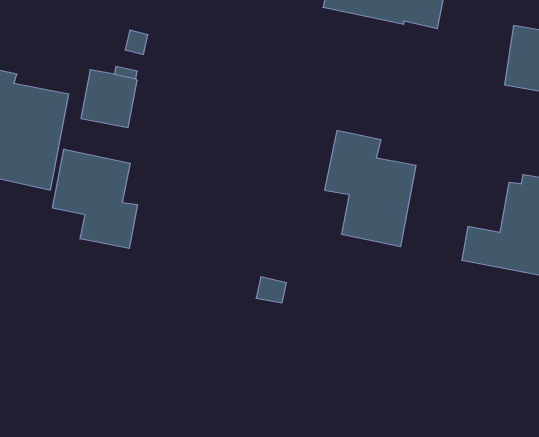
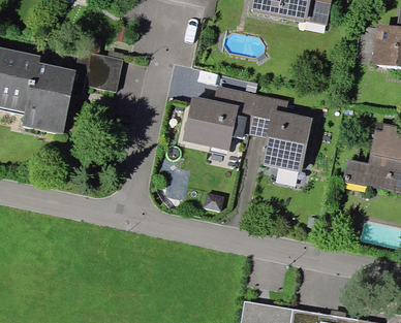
building: none -> [183,86,258,151]
building: [53,149,138,248] -> none

